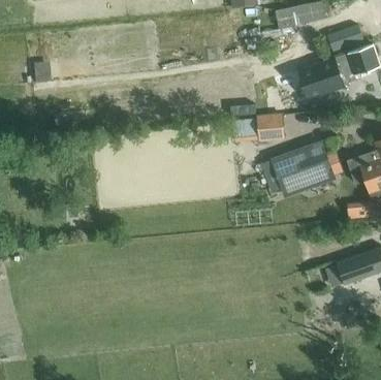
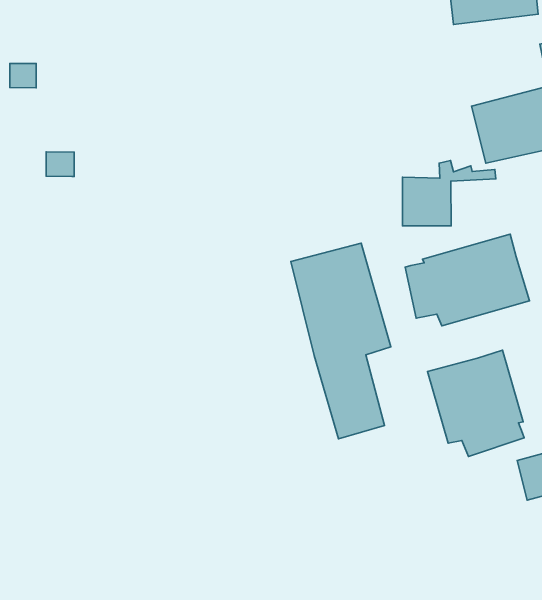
building: none -> [291,243,391,439]
building: none -> [428,350,524,457]

